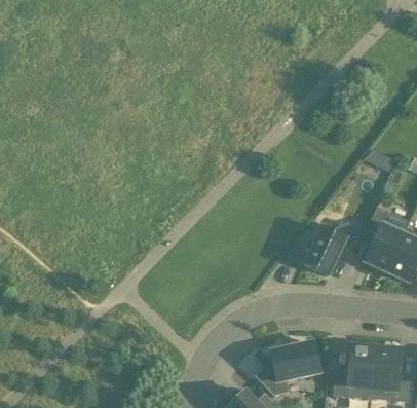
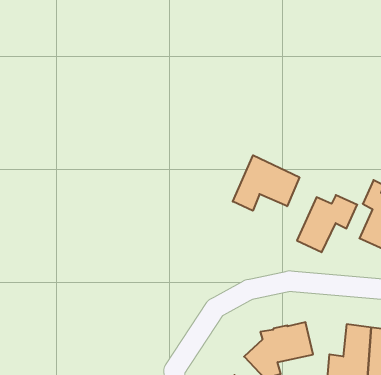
building: none -> [233,155,299,211]

